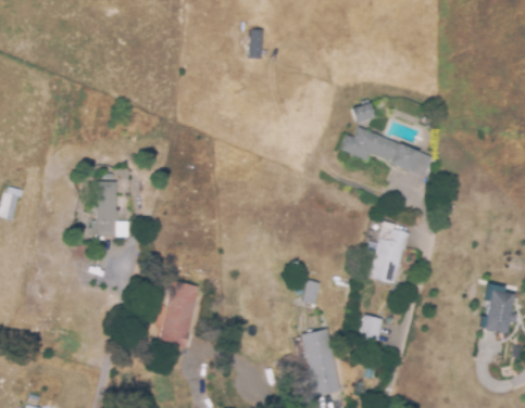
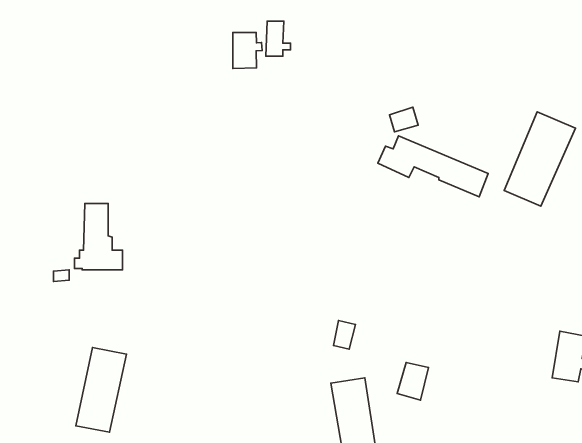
building: none -> [233,32,262,69]
building: none -> [504,112,576,206]
building: [367,218,411,283] -> none
building: [158,279,200,349] -> [76,348,126,432]

